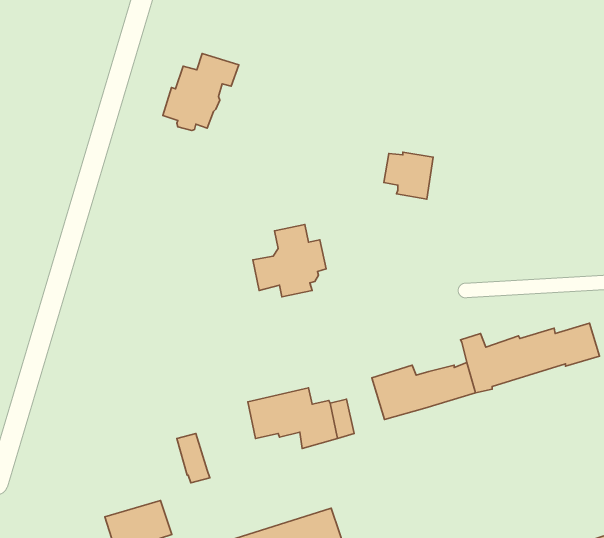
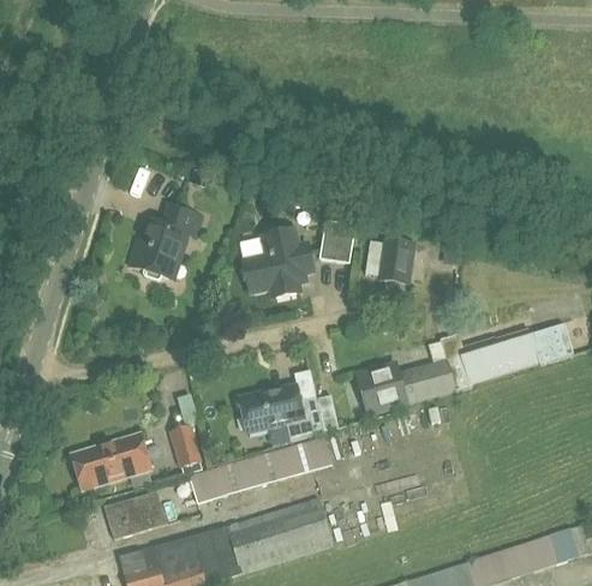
building: [163,53,239,131] -> [128,207,201,280]
building: [384,152,433,199] -> [365,238,412,282]
building: none -> [318,220,354,262]
building: none -> [71,433,150,490]
building: none -> [189,441,313,502]

